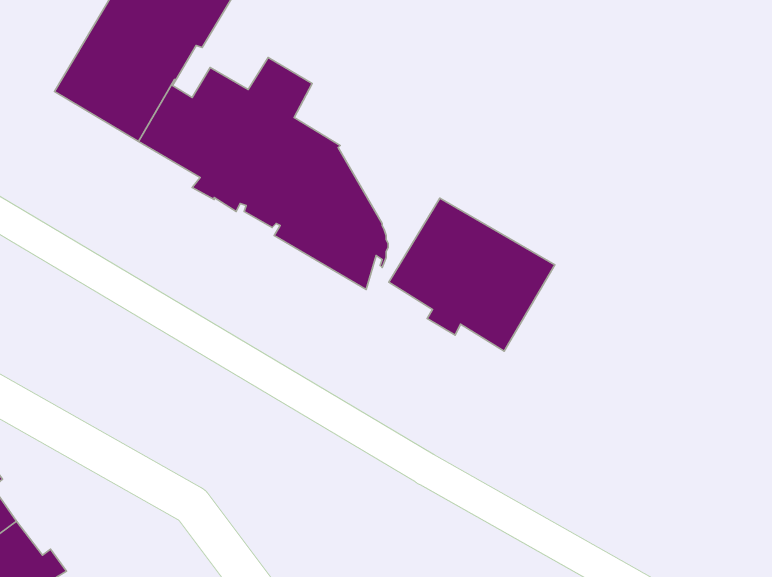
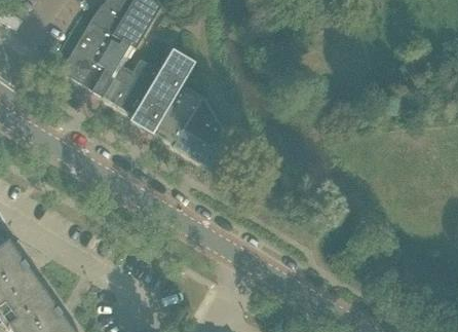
building: [389,198,555,351] -> none

